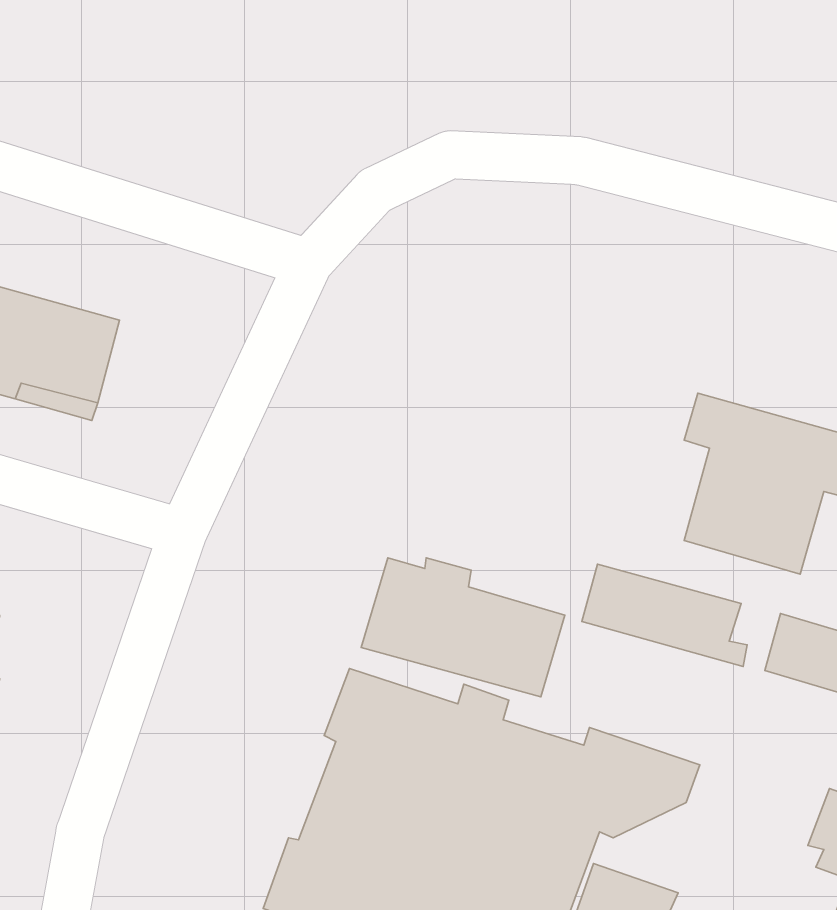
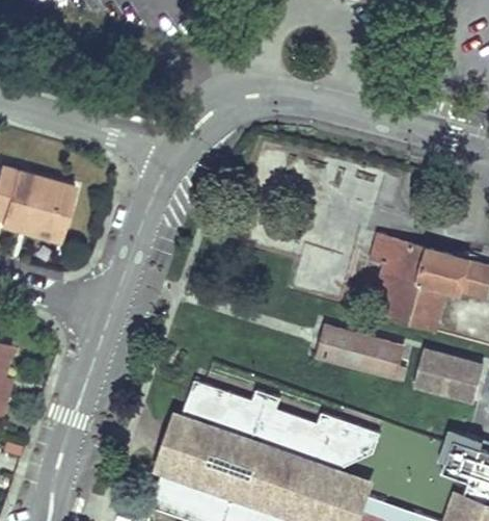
building: [361,558,565,697] -> none

